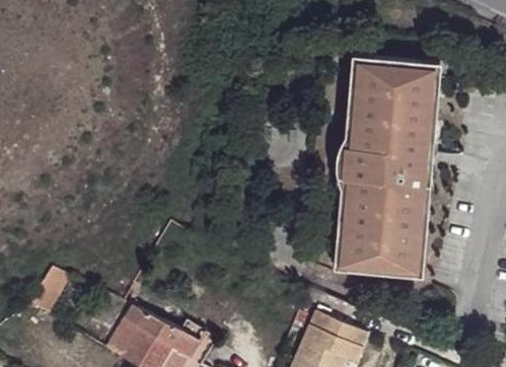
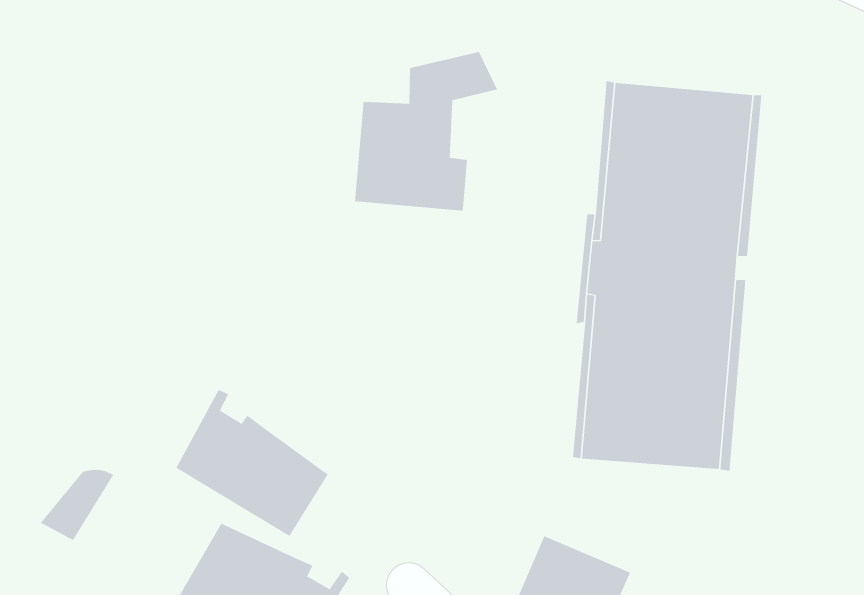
building: none -> [354,51,498,211]
building: none -> [175,389,328,537]

